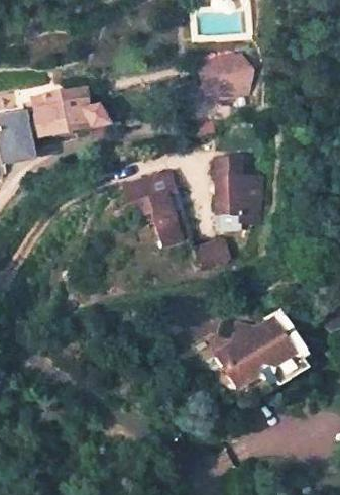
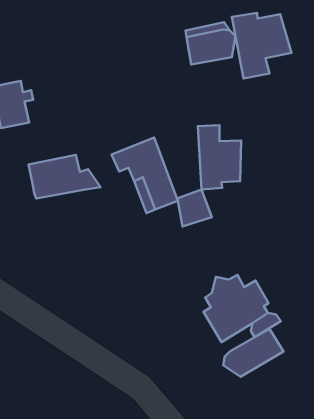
building: none -> [232,13,291,79]
building: [32,90,109,136] -> [29,155,100,198]
building: none -> [223,329,283,377]

